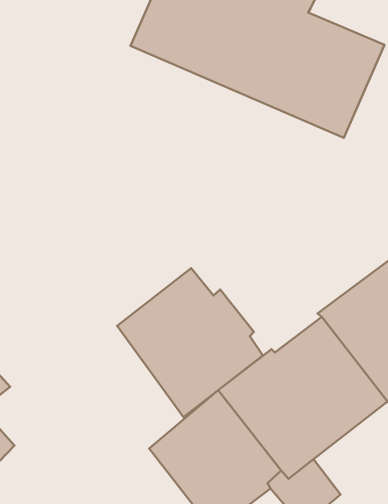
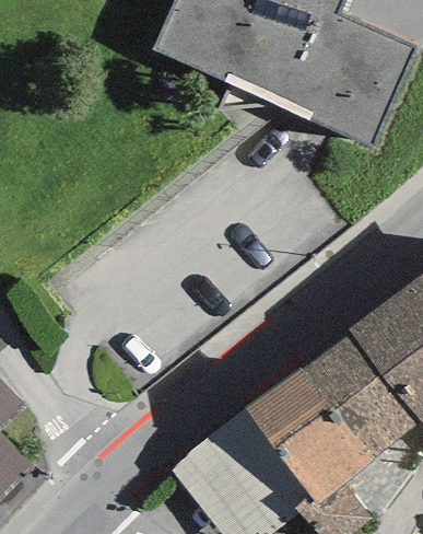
building: [117,268,263,417] -> none

